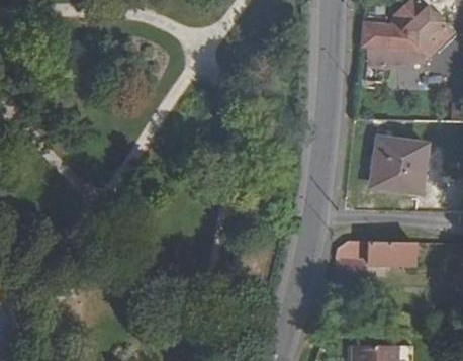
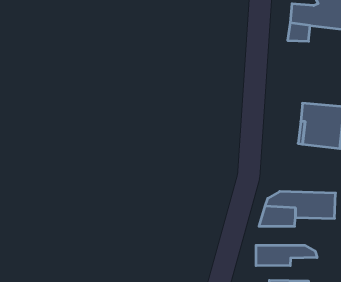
building: none -> [256,245,317,266]

